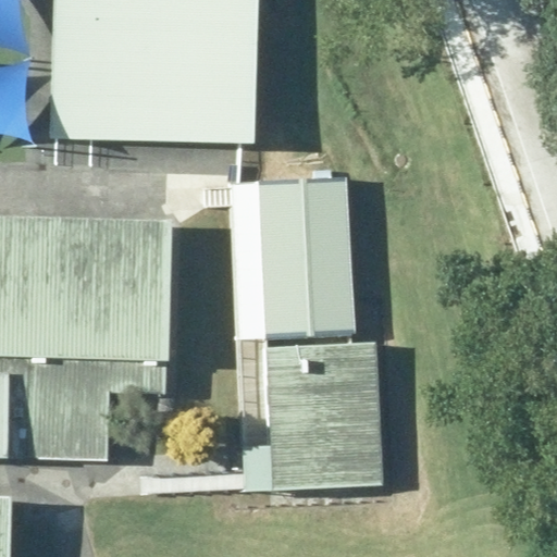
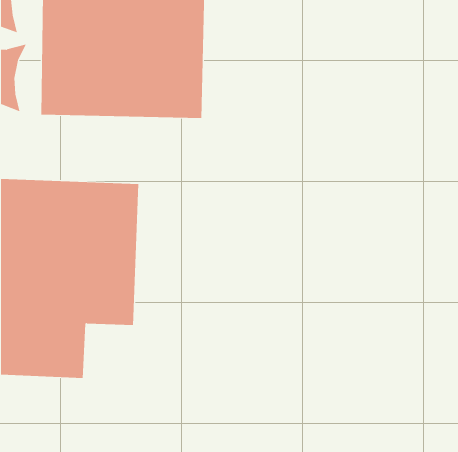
building: [263,175,355,324] -> none
building: [235,339,375,488] -> none

